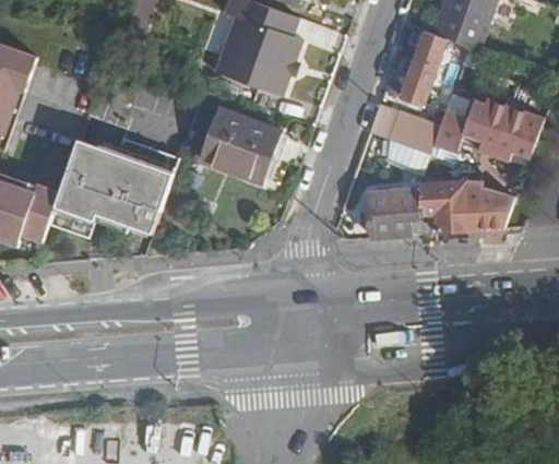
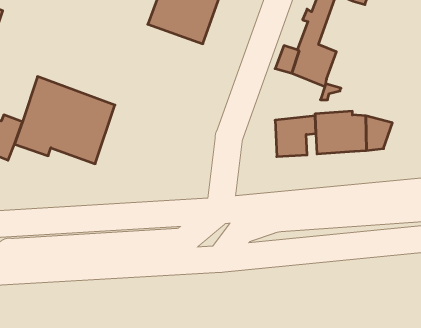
building: [432,95,542,165] -> none
building: [201,108,278,181] -> none

